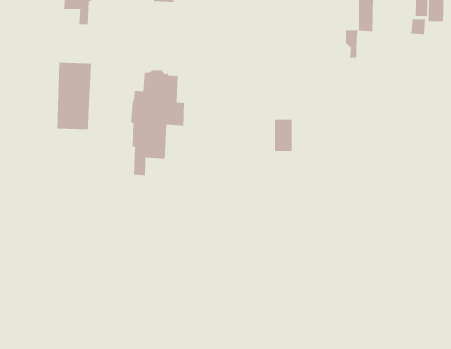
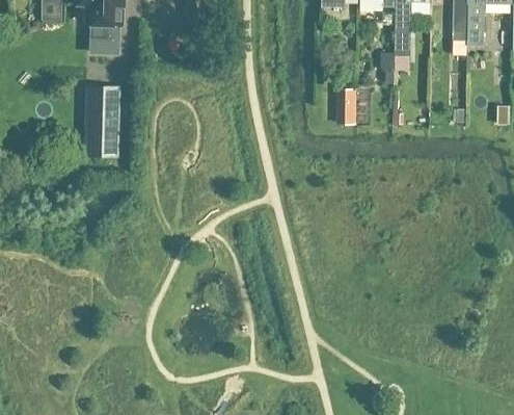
building: [130,70,185,176] -> none
building: [274,119,292,151] -> [337,90,356,124]

